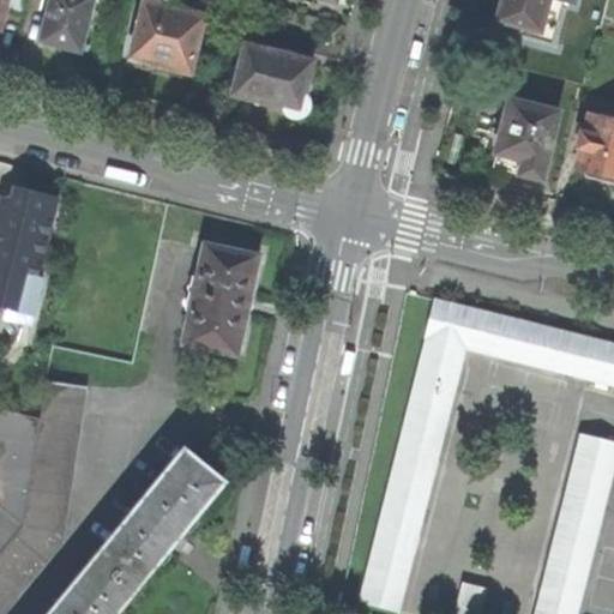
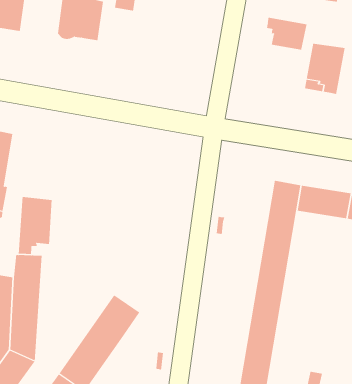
building: [235,43,313,115] -> none
building: none -> [266,17,307,50]
building: [182,243,255,353] -> none
building: none -> [18,196,52,255]

